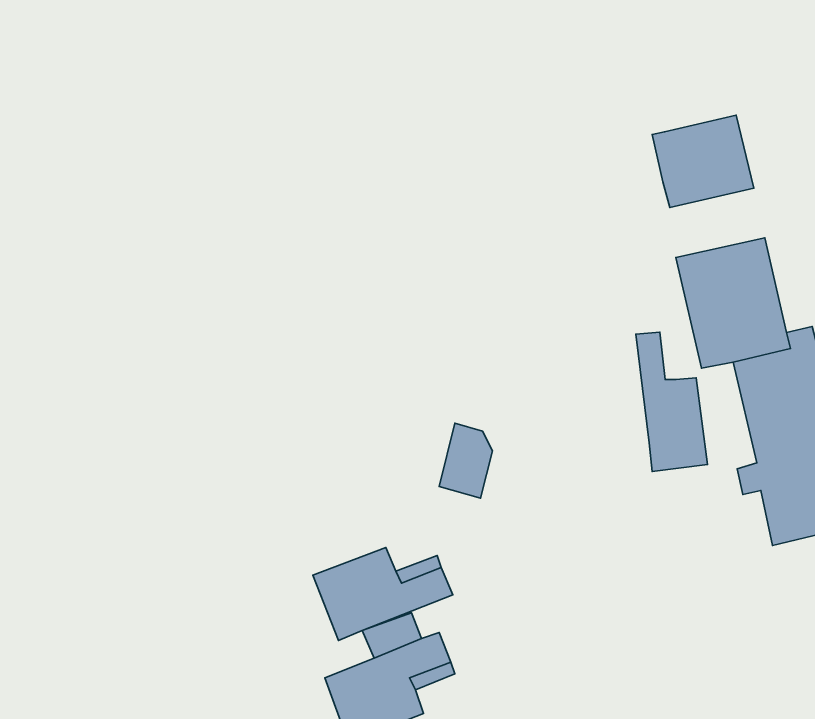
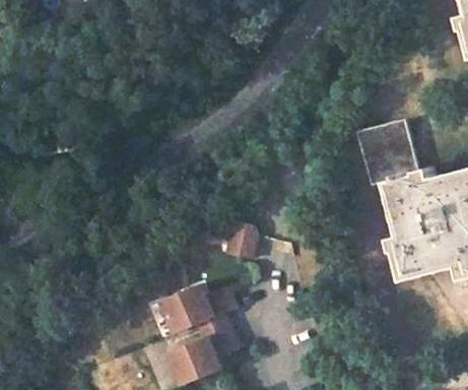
building: [652,115,754,208] -> none
building: [636,332,707,471] -> none

